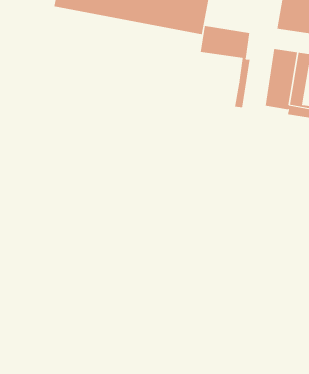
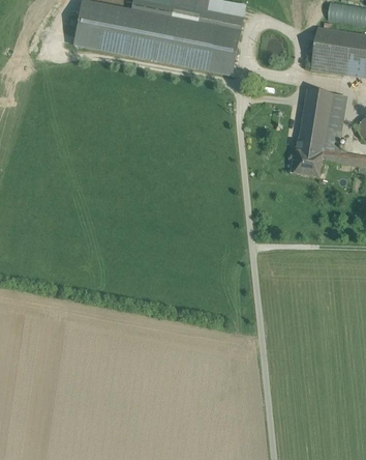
building: [200,25,250,108] -> none
building: none -> [289,150,323,177]

